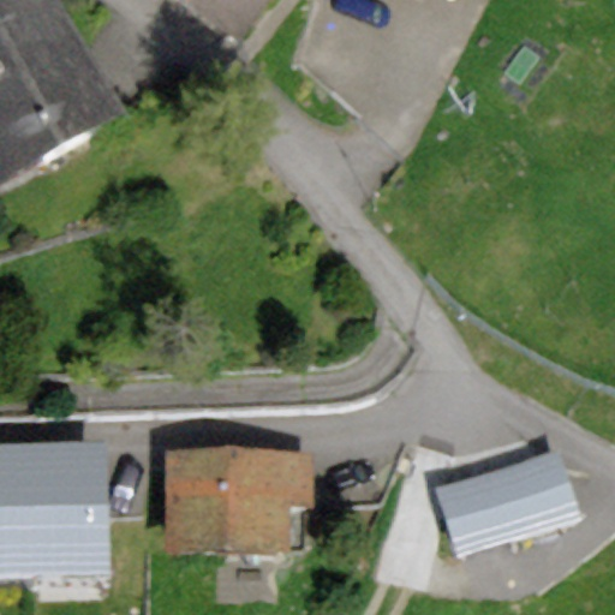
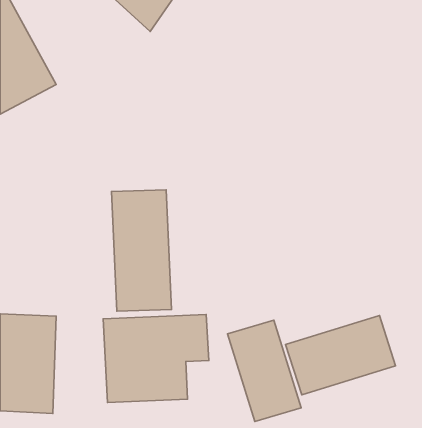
building: none -> [112,190,171,311]
building: none -> [228,320,301,421]

